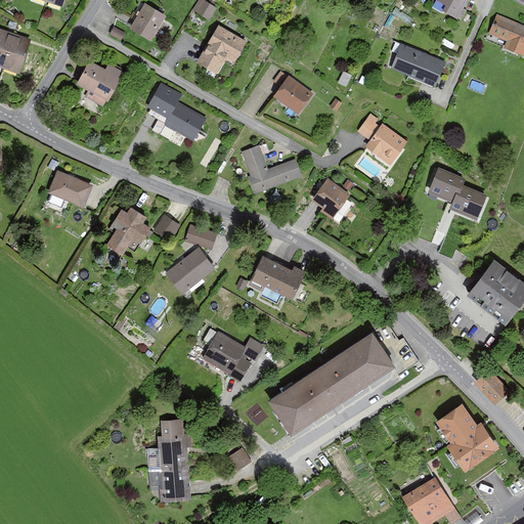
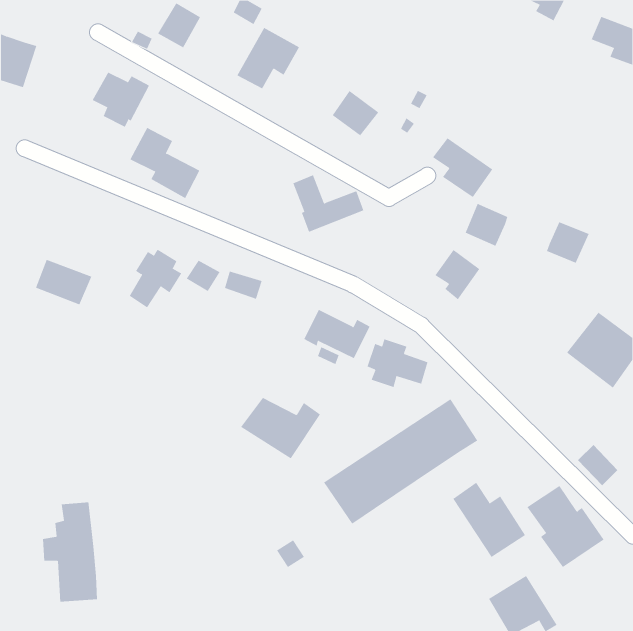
building: [391,43,446,88] -> none
building: [147,82,206,141] -> [130,127,200,199]
building: [428,167,464,203] -> [465,203,508,246]
building: [47,170,94,208] -> [35,259,92,305]
building: [312,178,350,220] -> [434,249,480,300]
building: [166,247,215,294] -> none
building: none -> [367,339,428,388]
building: none -> [452,482,526,558]
building: [144,419,190,501] -> [42,502,98,602]

